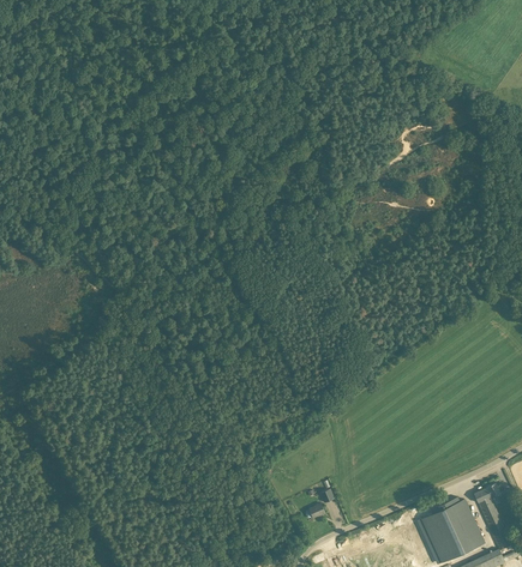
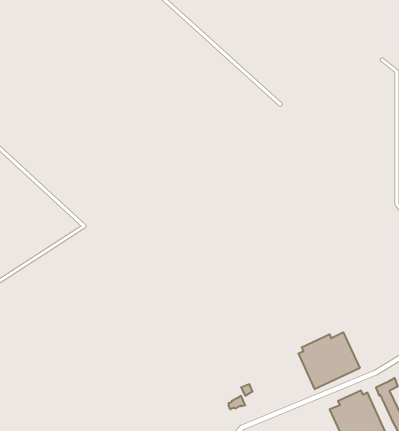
building: none -> [298,332,360,389]

